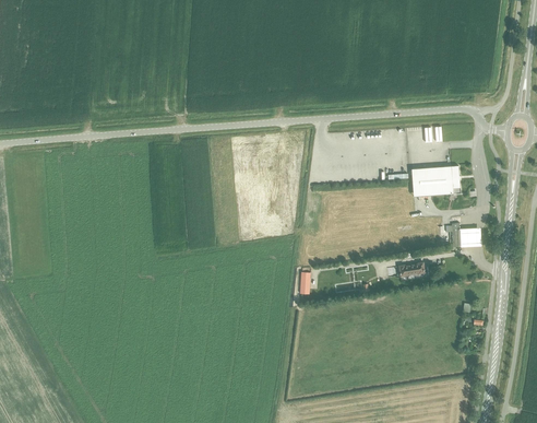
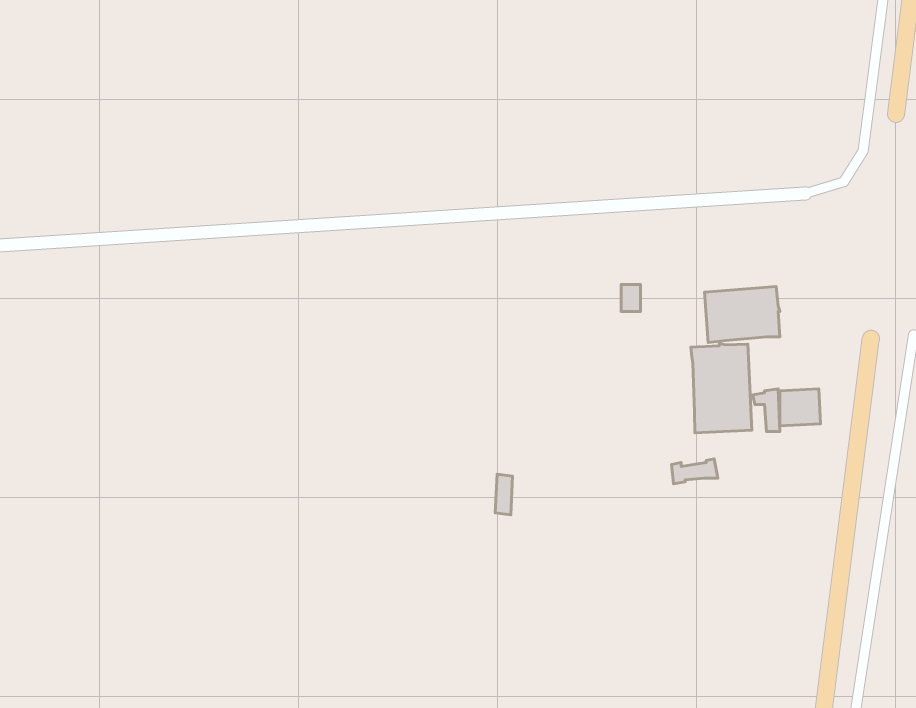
building: none -> [691,343,752,433]

